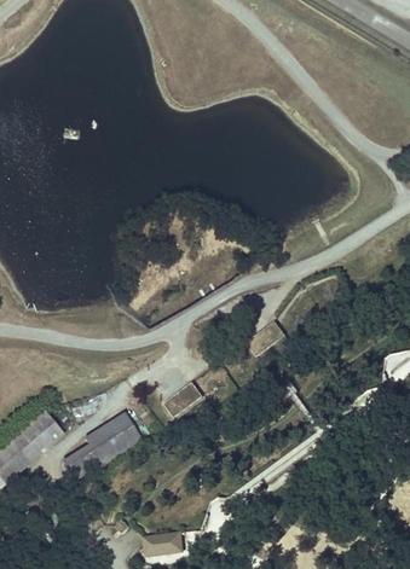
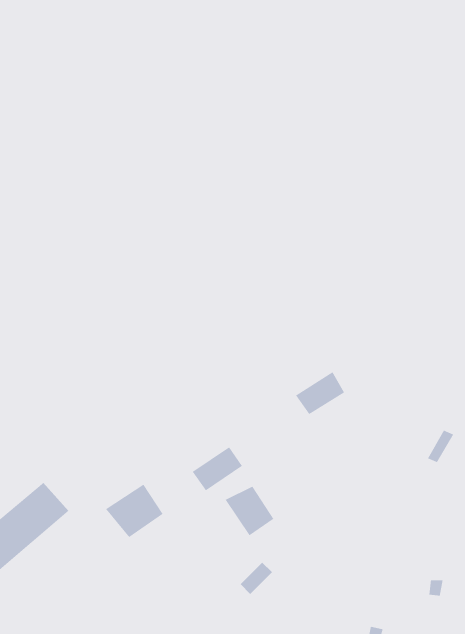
building: none -> [225,486,274,536]
building: [64,432,112,478] -> none

